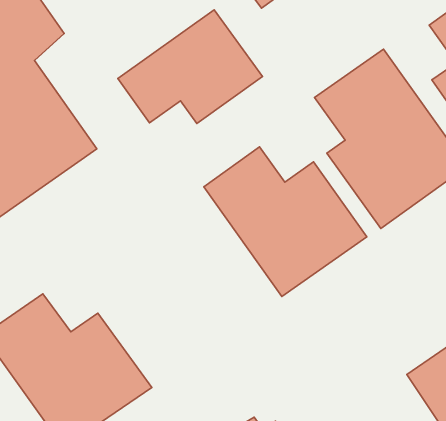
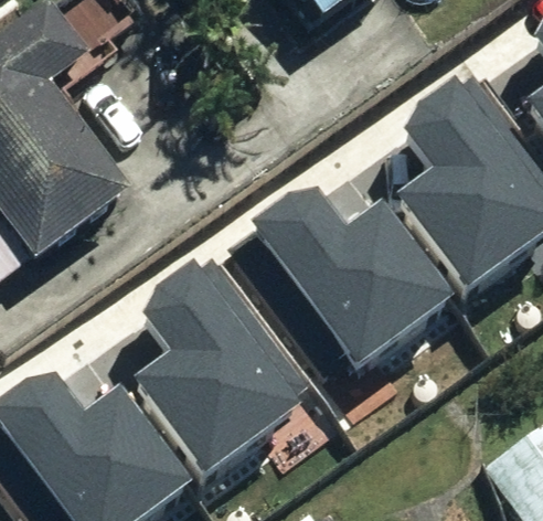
building: [118,10,262,124] -> none
building: none -> [129,254,317,469]

